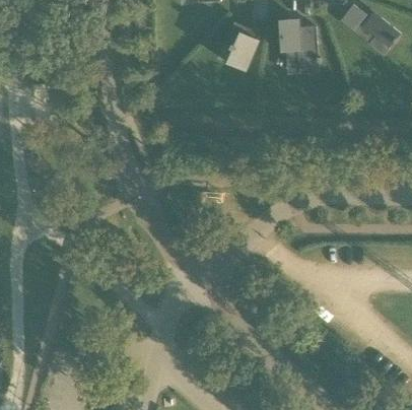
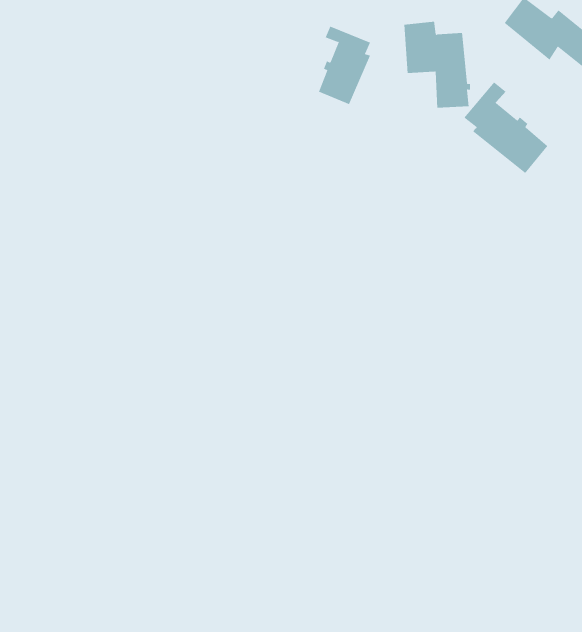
building: none -> [463,81,548,174]

